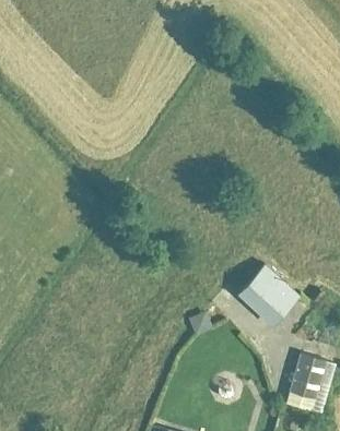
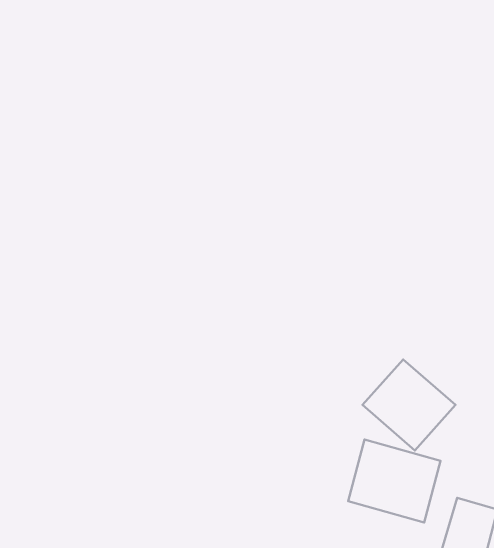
building: none -> [348,440,441,522]

